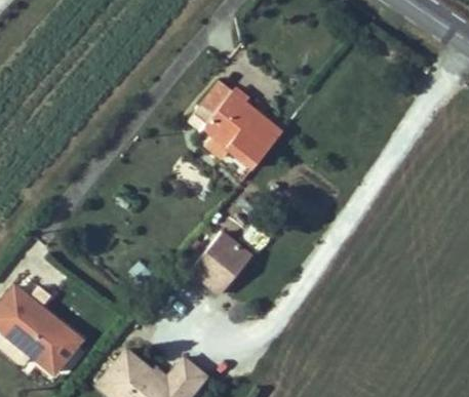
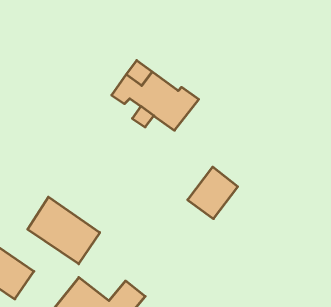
building: [197,226,257,287] -> [188,167,238,219]
building: none -> [28,197,100,264]

